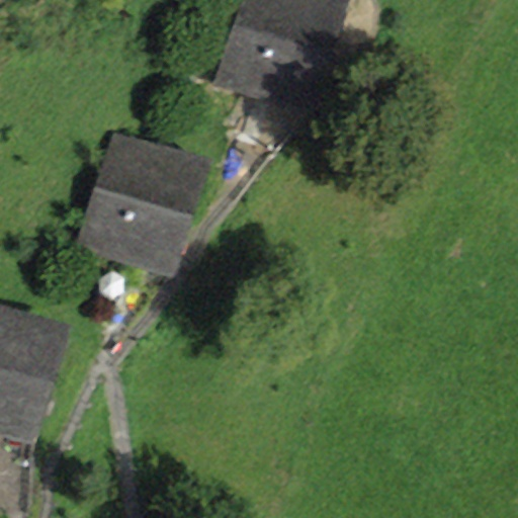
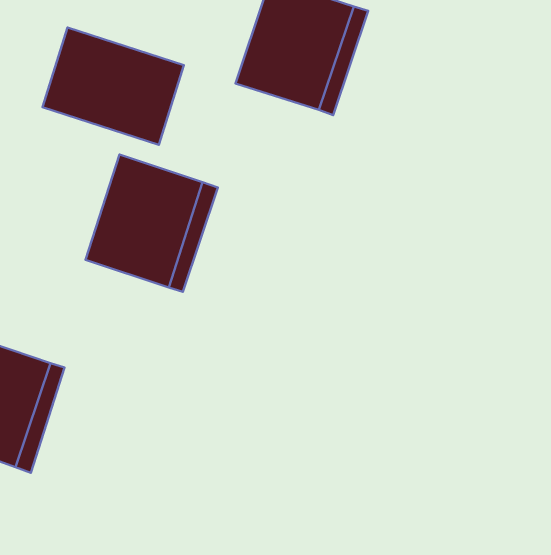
building: none -> [42,28,184,145]

